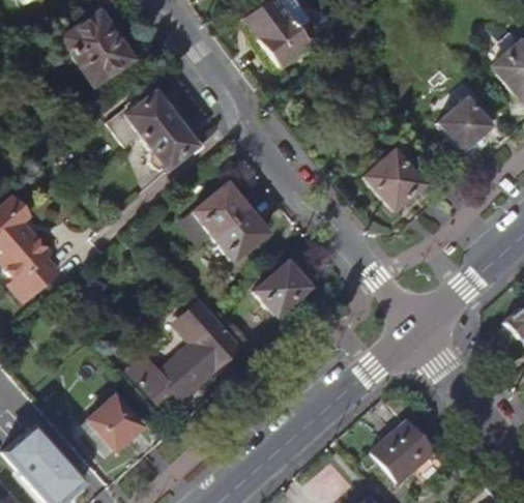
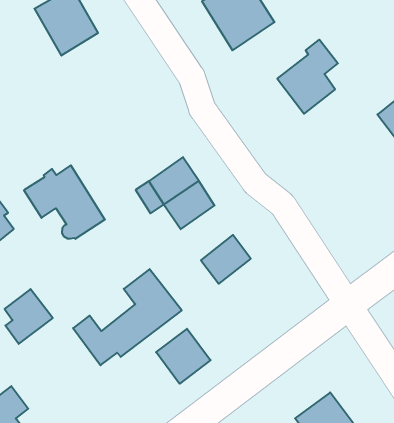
building: [111,89,199,167] -> [24,165,105,239]
building: [362,131,426,211] -> [277,40,338,114]
building: none -> [156,329,211,384]
building: [93,395,145,454] -> [5,289,53,344]

